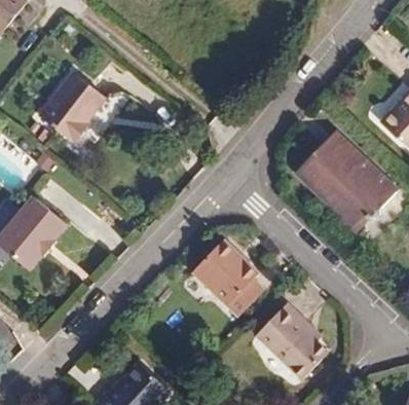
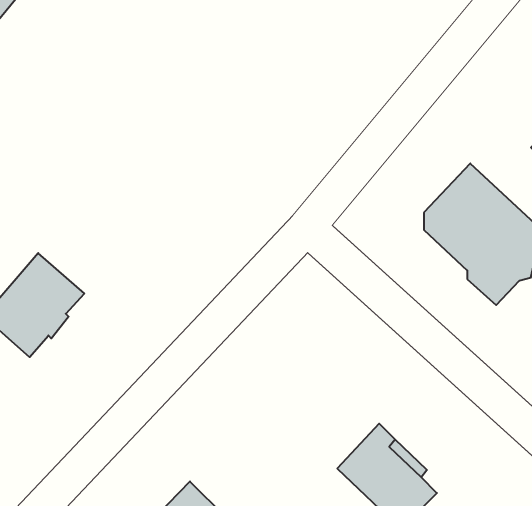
building: [41,71,107,142] -> none
building: [183,249,255,326] -> none

